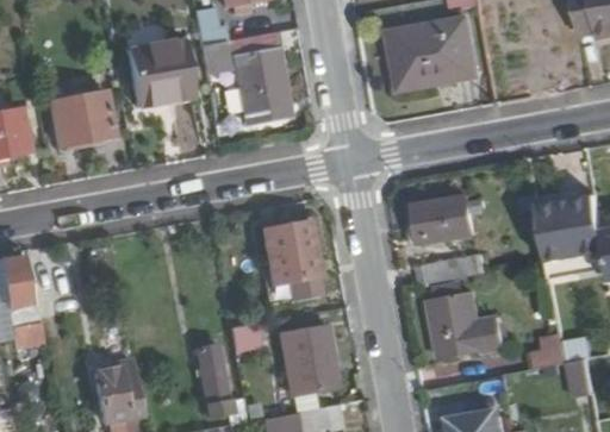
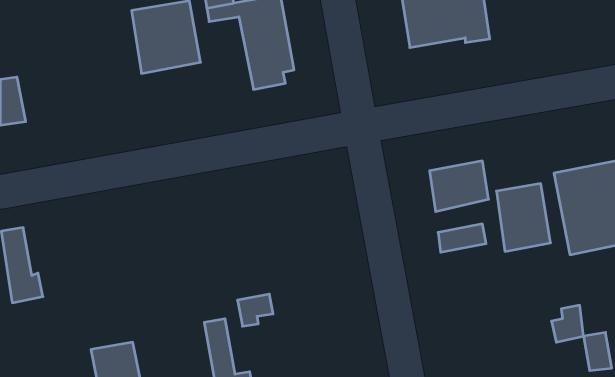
building: [51,92,117,149] -> none
building: [261,220,322,302] -> none
building: [432,288,485,353] -> [496,184,551,251]
building: [280,325,340,389] -> none

